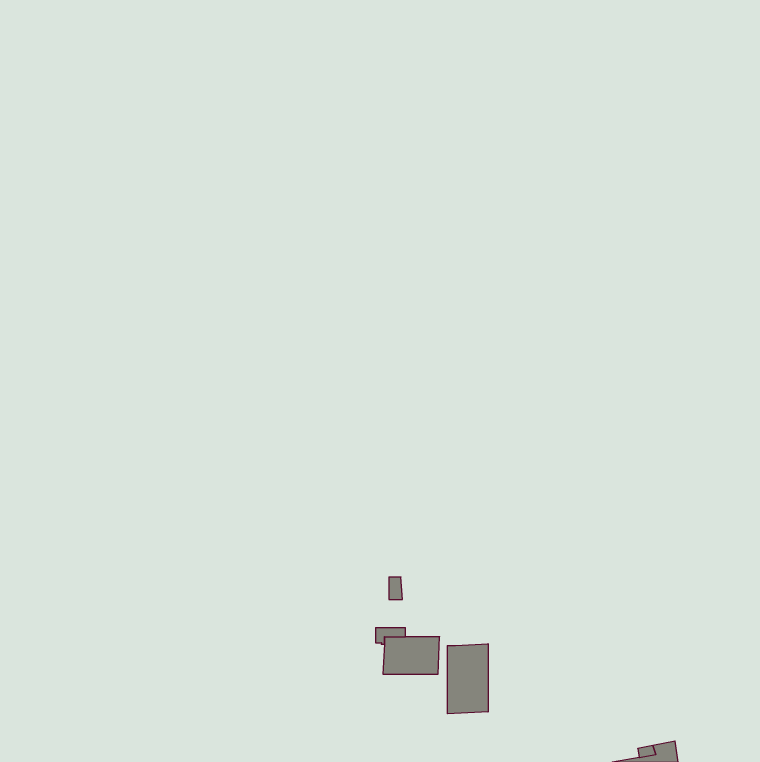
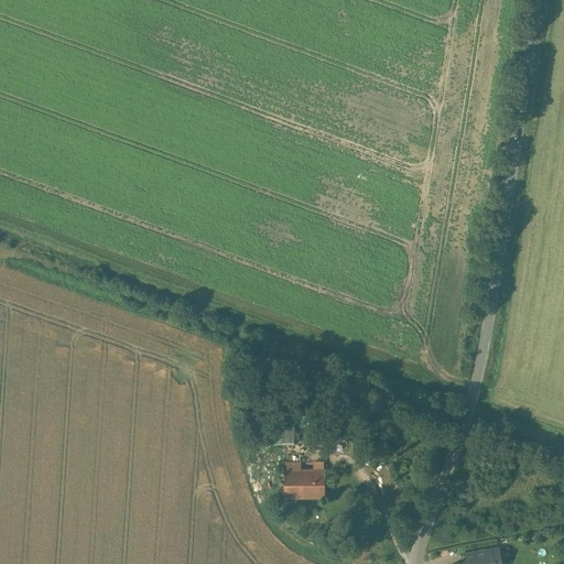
building: [447,644,488,714] -> none

